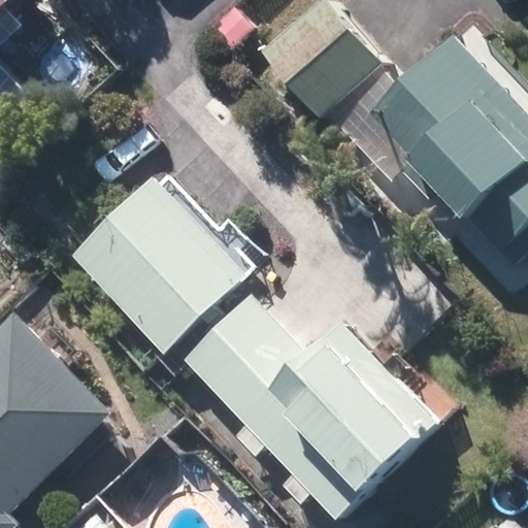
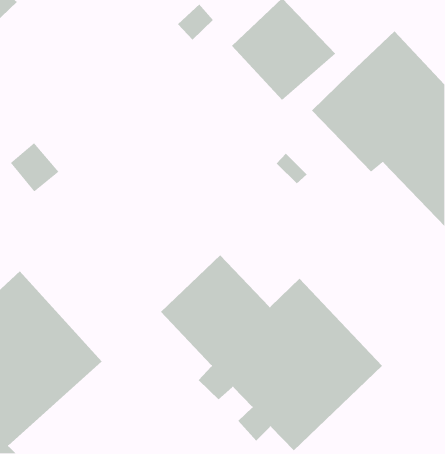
building: [74,177,251,354] -> none

